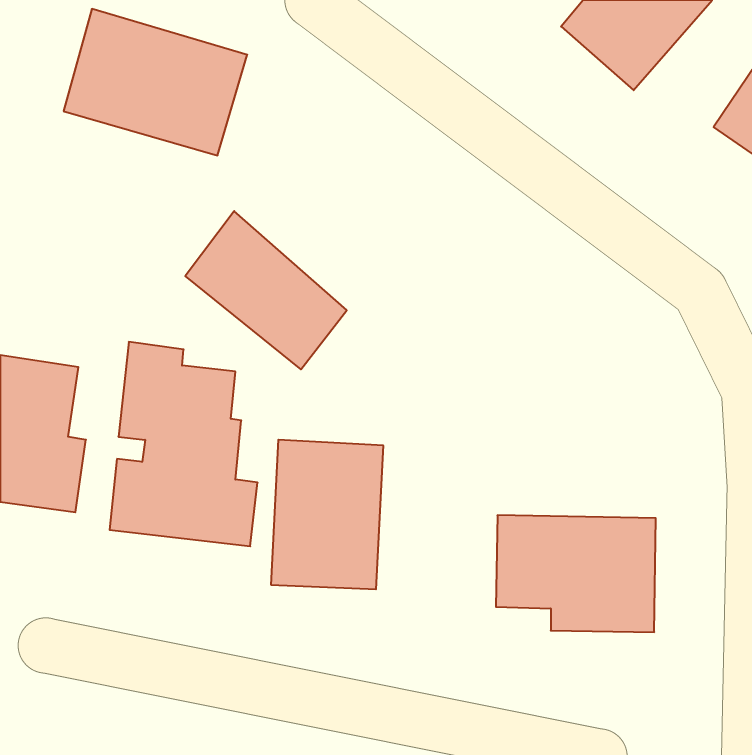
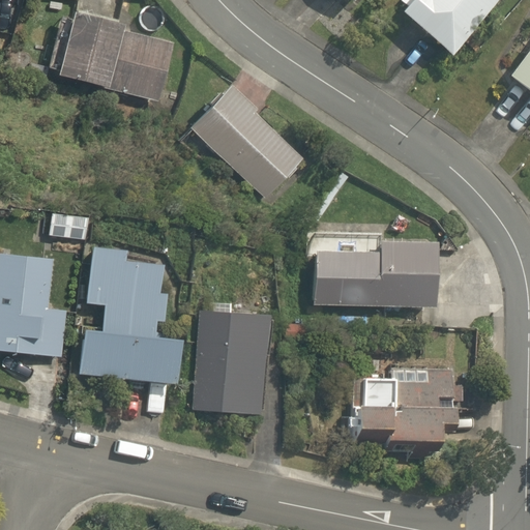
building: [185,211,347,369] -> [192,88,304,199]
building: none -> [303,223,438,311]

